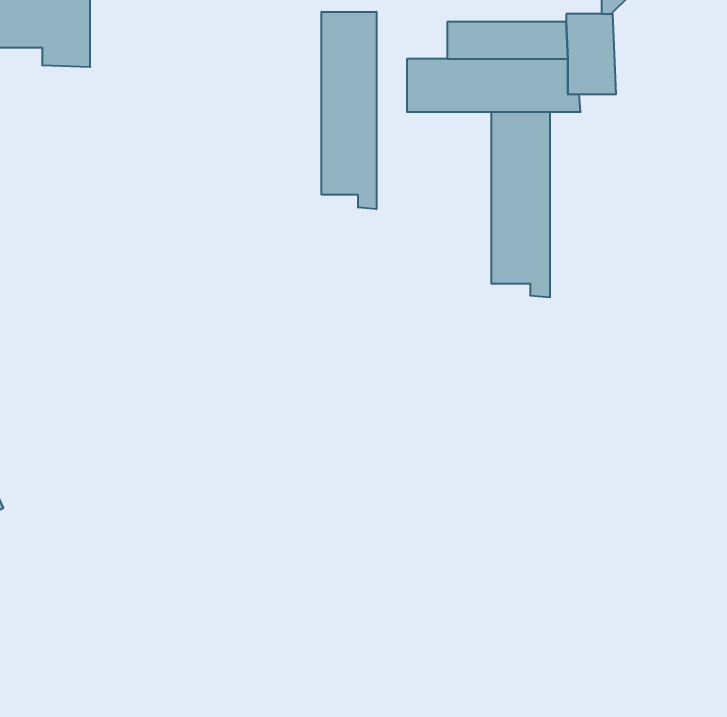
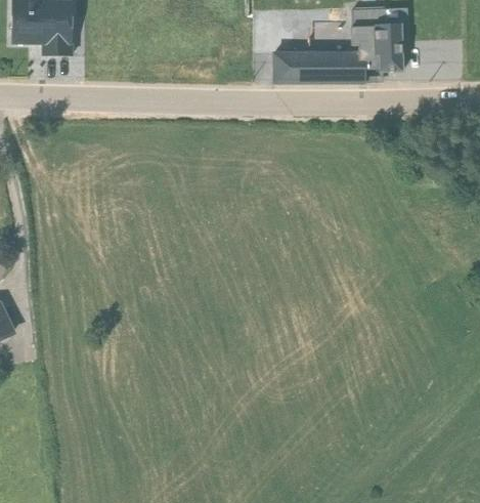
building: [322,12,376,209] -> none
building: [491,112,550,297] -> none

